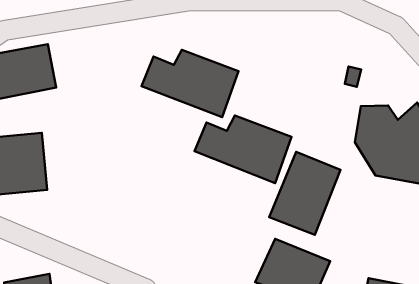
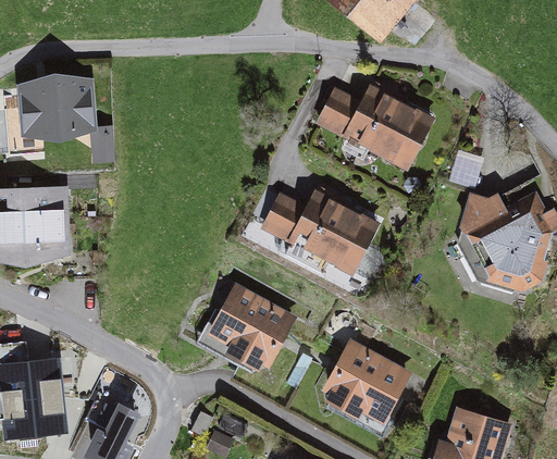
building: [142,50,238,117] -> [315,82,436,170]
building: [269,152,341,235] -> none
building: none -> [199,284,296,371]

